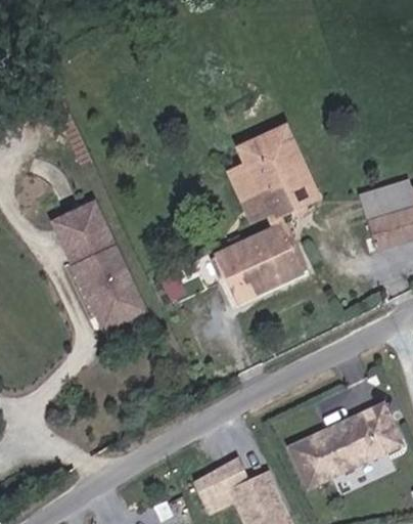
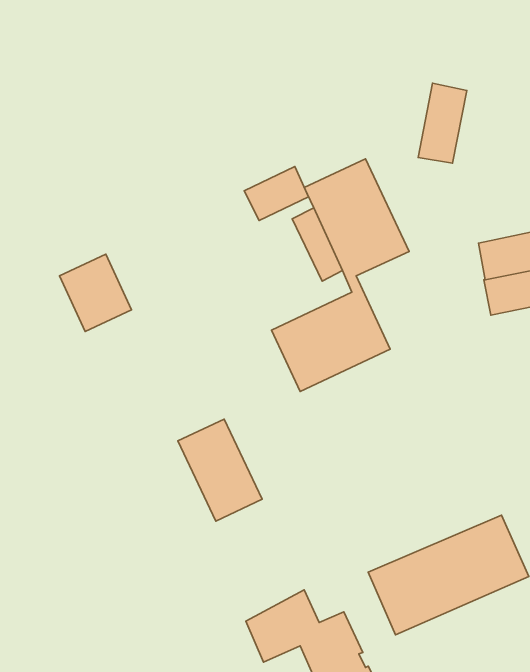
building: none -> [418,83,467,163]
building: none -> [244,167,309,220]
building: [73,244,136,320] -> [178,419,262,521]

